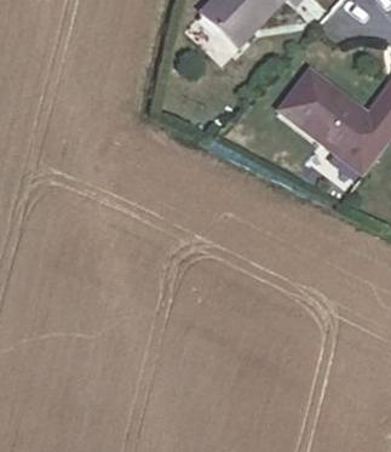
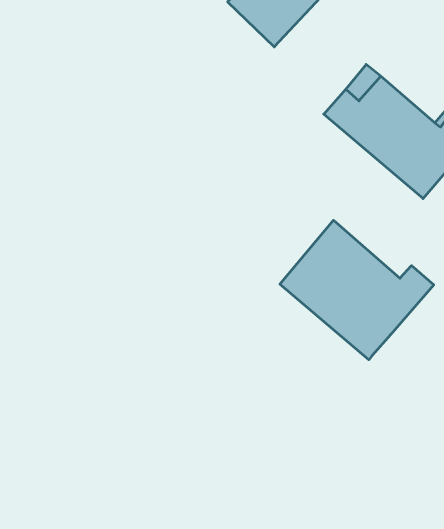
building: none -> [280,220,434,360]

